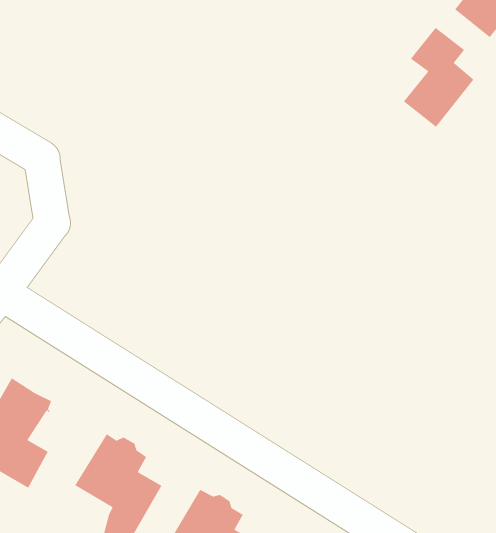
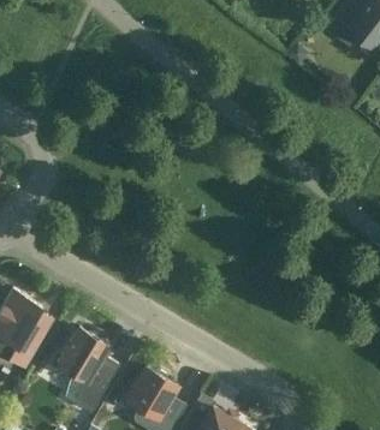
building: [403,27,474,128] -> none

